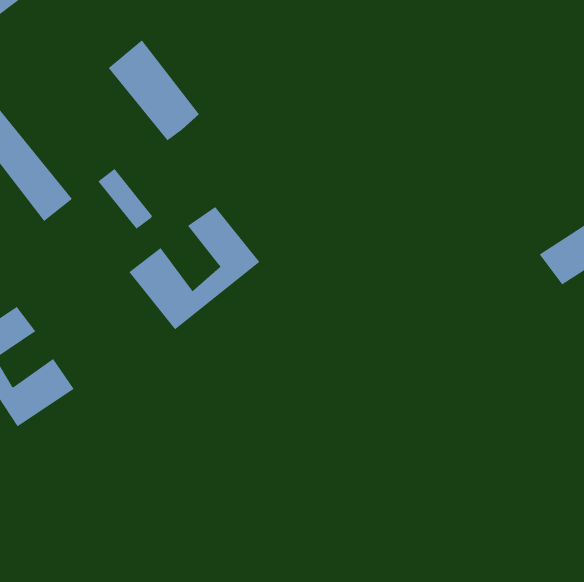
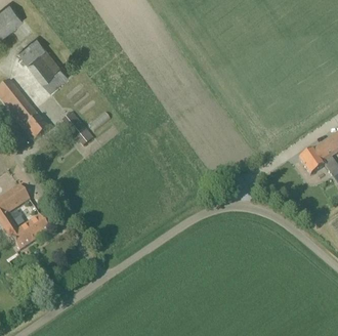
building: [108,40,200,141] -> [18,37,68,91]
building: [129,206,260,330] -> none

